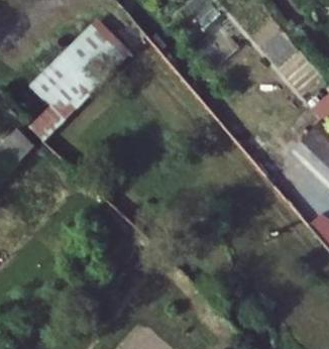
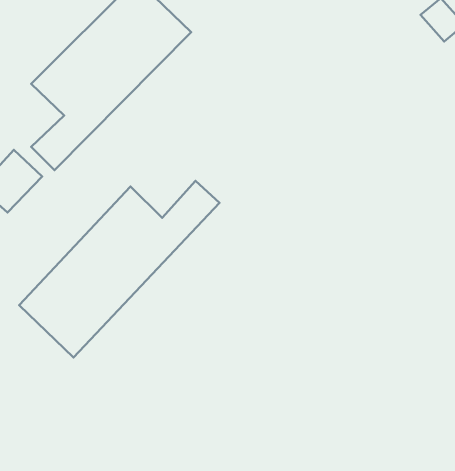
building: none -> [19,181,219,357]

